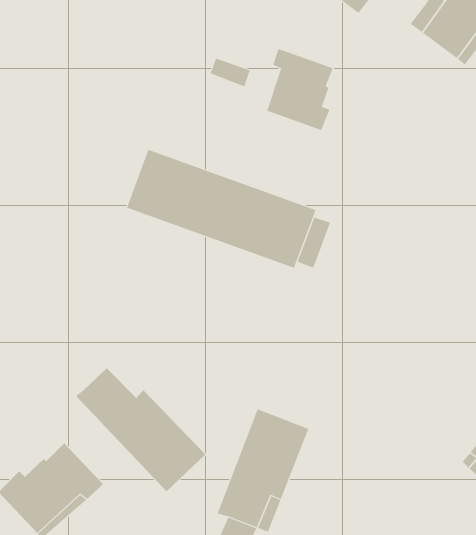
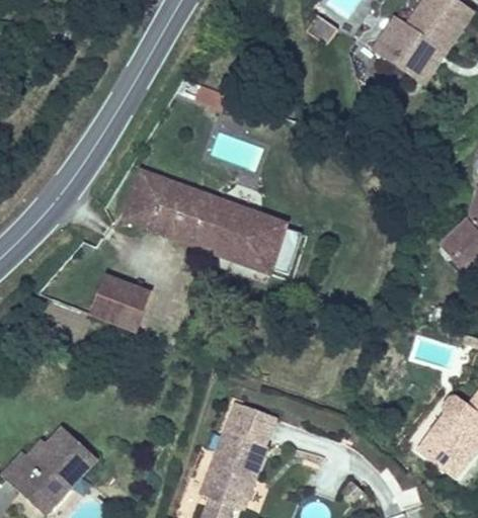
building: [266,48,333,131] -> none
building: none -> [87,270,150,331]
building: [75,368,206,492] -> none

